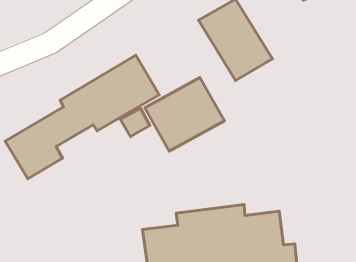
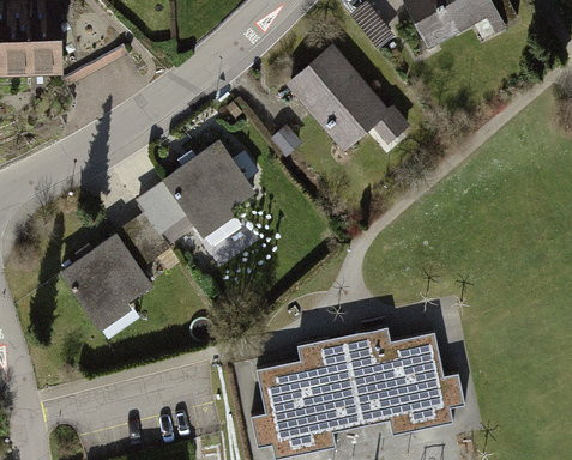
building: [145,78,224,151] -> none

